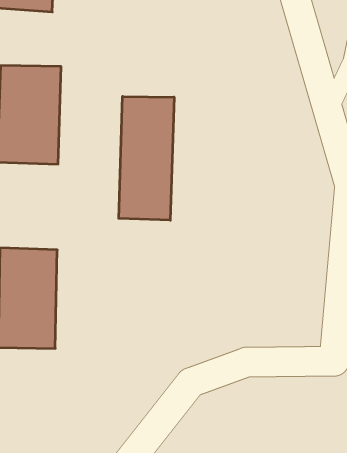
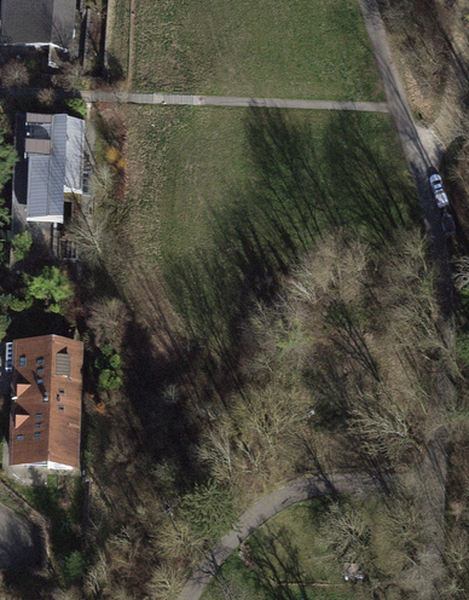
building: [119,96,174,220] -> none

